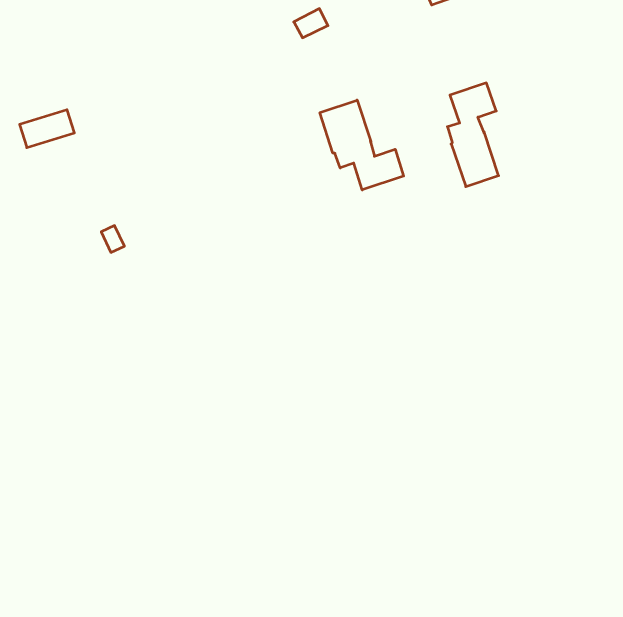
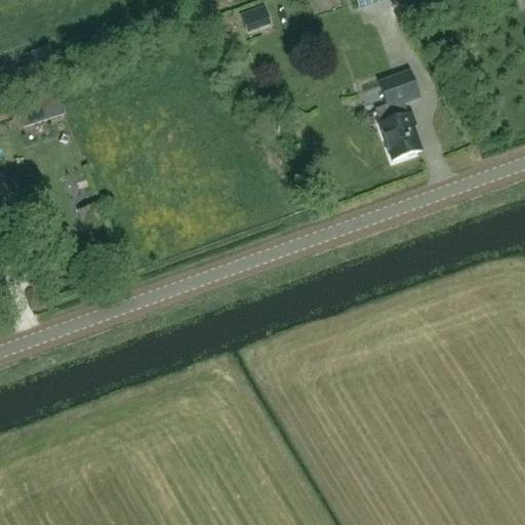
building: [320,100,404,190] -> none

